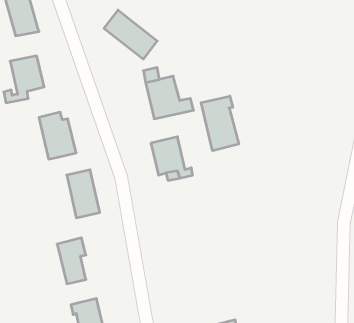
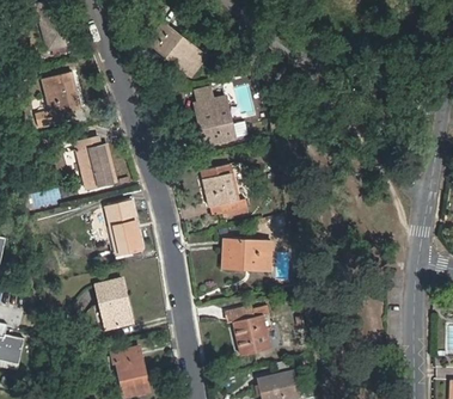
building: [201,96,239,151] -> none
building: none -> [221,240,273,271]
building: none -> [232,308,270,356]

